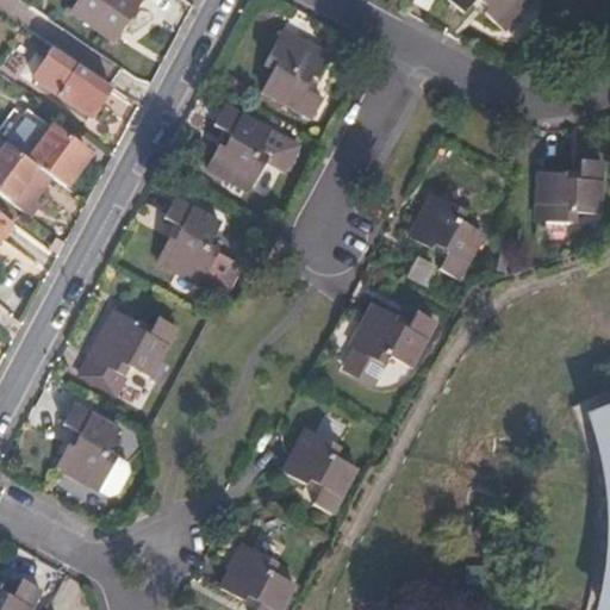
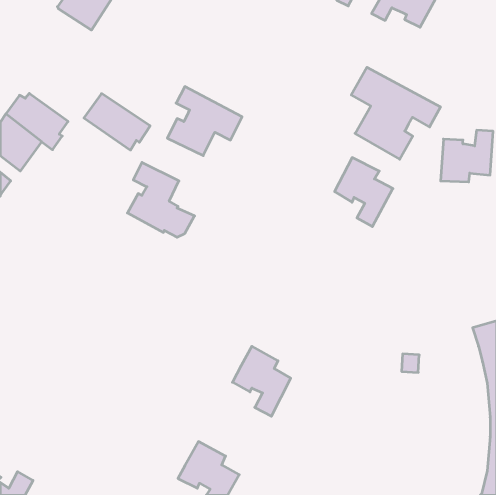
building: [262,29,332,117] -> none
building: [30,45,111,114] -> [84,94,150,150]
building: none -> [351,67,440,159]
building: [349,303,437,380] -> none
building: [81,310,176,396] -> none
building: [56,406,131,494] -> none

